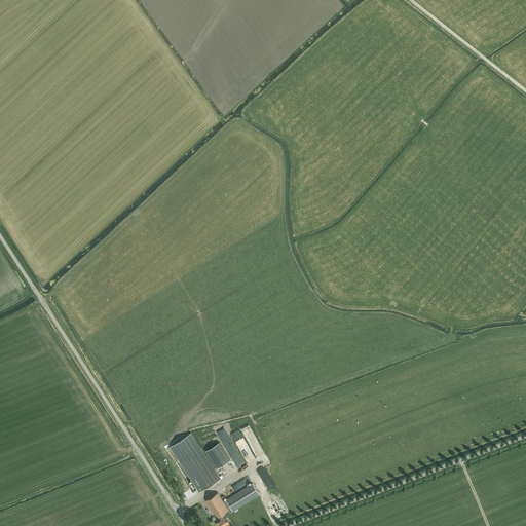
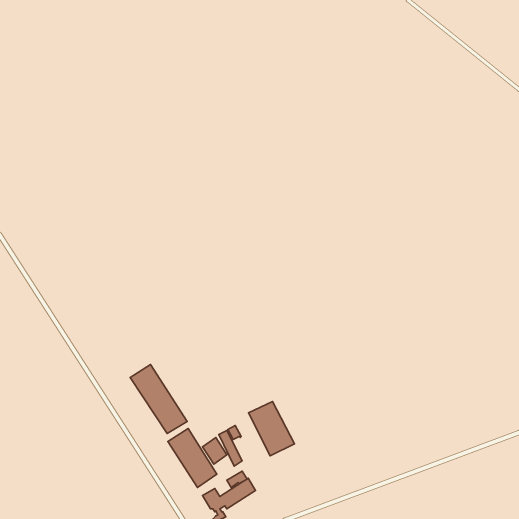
building: none -> [130,365,187,433]
building: none -> [248,401,295,456]

